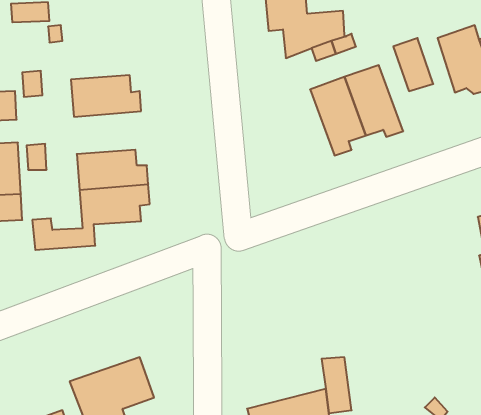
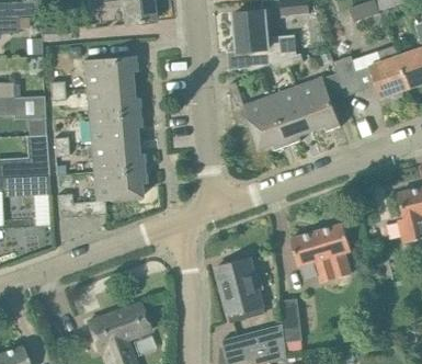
building: none -> [84,55,137,87]
building: none -> [229,81,288,149]
building: none -> [89,111,142,144]
building: none -> [290,223,351,283]
building: none -> [215,258,263,321]

